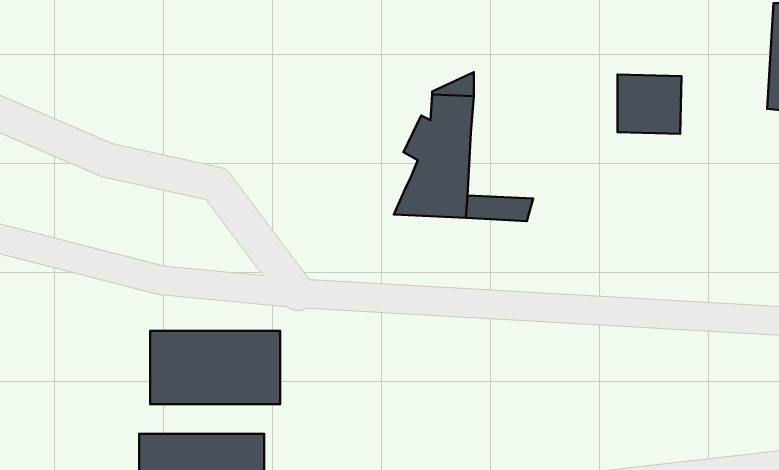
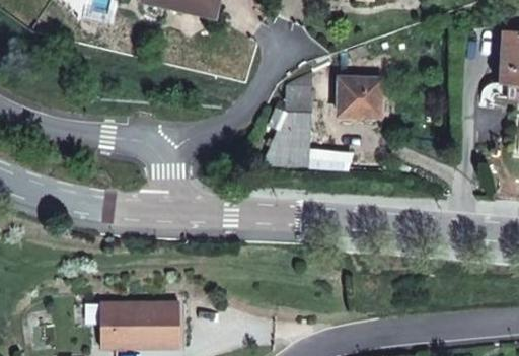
building: [618,75,682,134] -> [340,78,380,116]
building: [150,331,280,404] -> none

